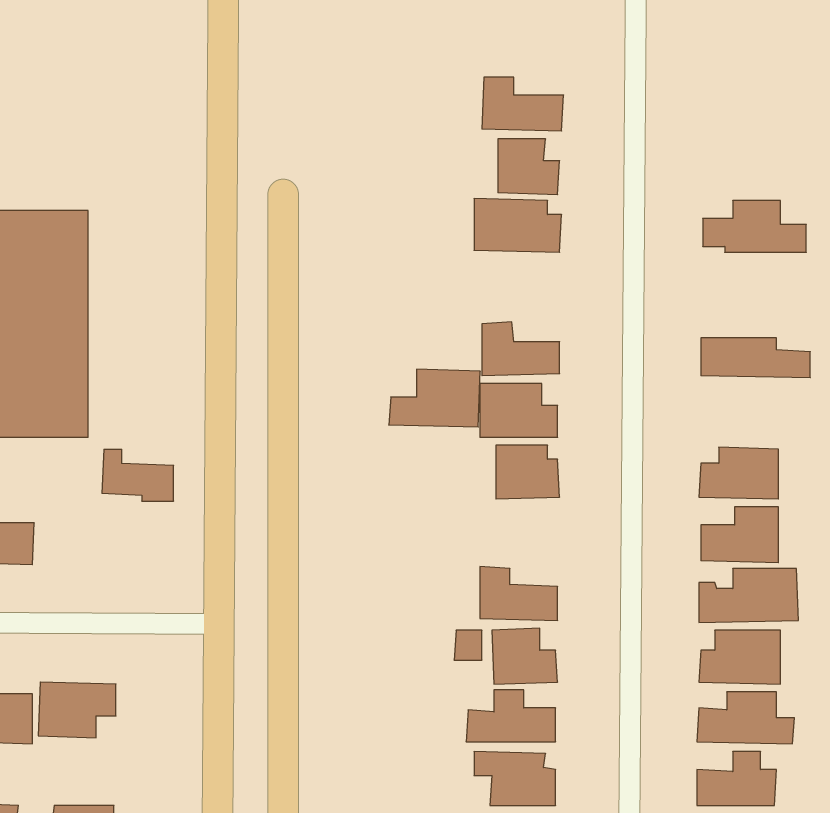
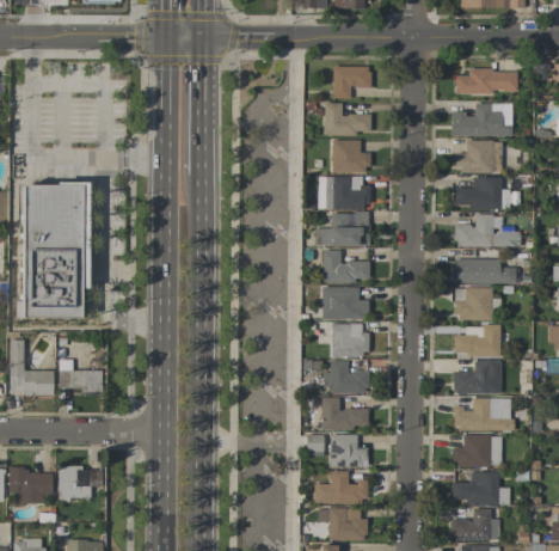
building: none -> [332,66,370,98]
building: none -> [456,69,517,93]
building: none -> [452,103,512,136]
building: none -> [456,141,502,173]
building: none -> [455,215,520,246]
building: [389,369,480,427] -> [314,212,369,246]
building: none -> [455,287,492,320]
building: [102,449,174,501] -> [59,361,102,392]
building: none -> [325,360,368,393]

